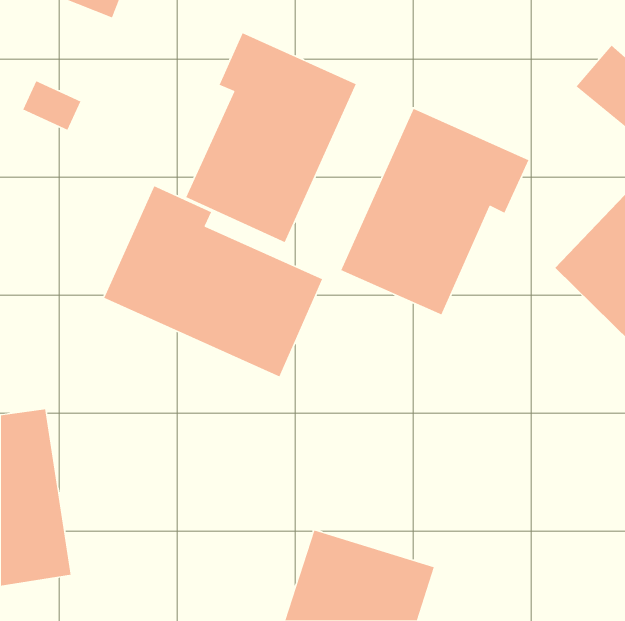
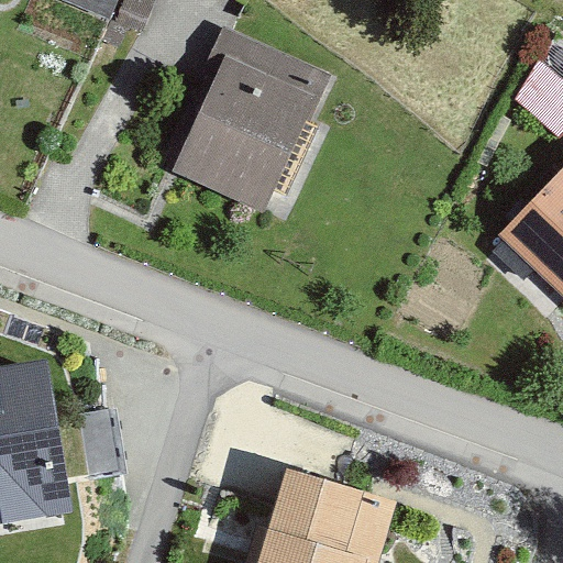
building: [340,108,530,315] -> none
building: [103,185,323,377] -> none

